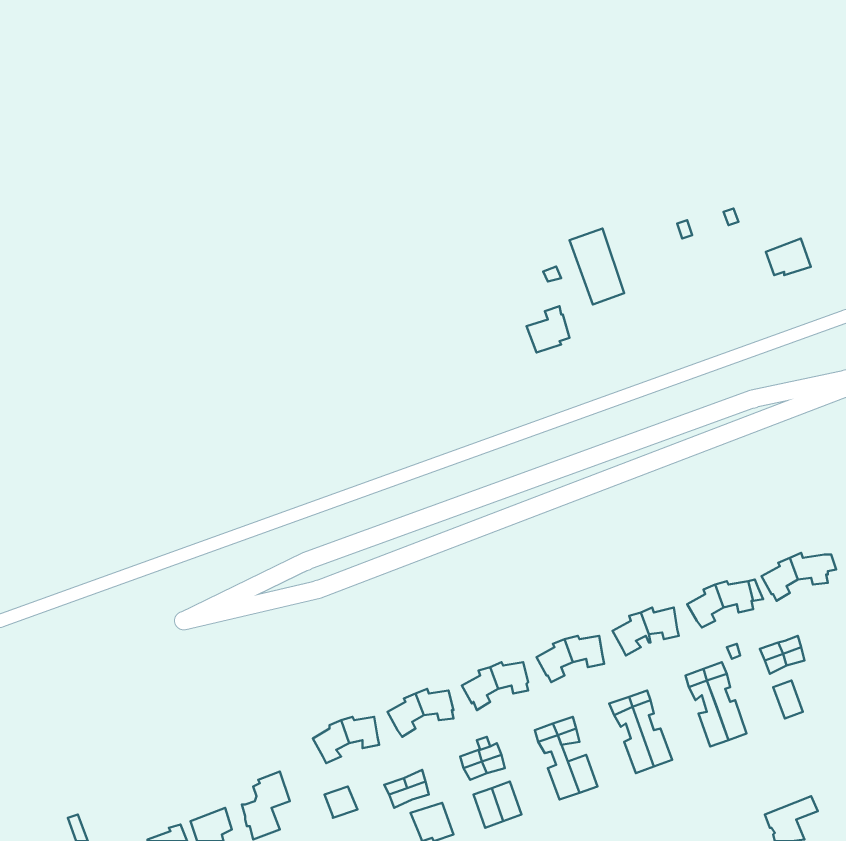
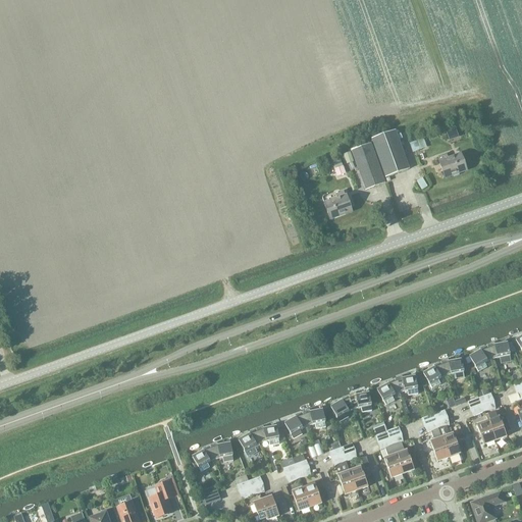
building: none -> [371,127,409,175]
building: [766,239,811,275] -> [439,151,467,173]
building: none -> [485,409,511,438]

